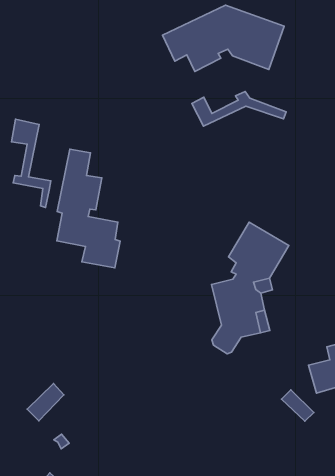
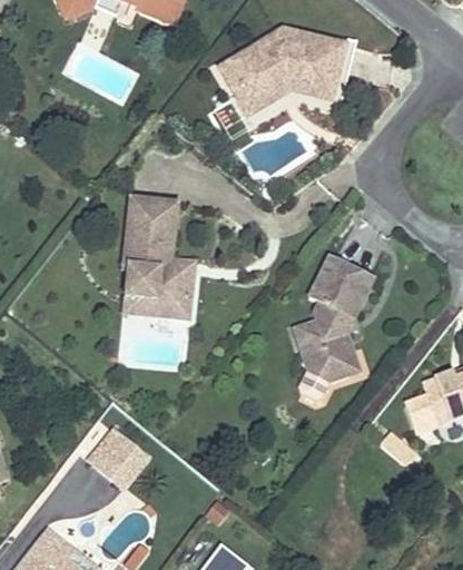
building: [192,91,286,126] -> [234,73,335,115]
building: [12,119,51,207] -> [150,197,196,288]
building: none -> [88,429,135,476]

